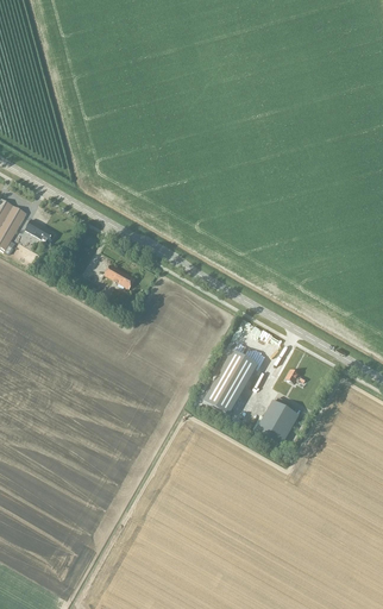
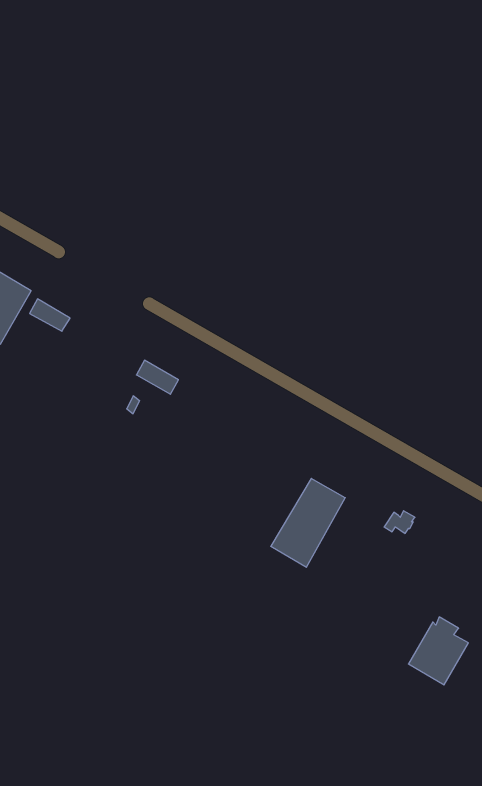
building: [256,397,300,447] -> [408,617,468,685]

